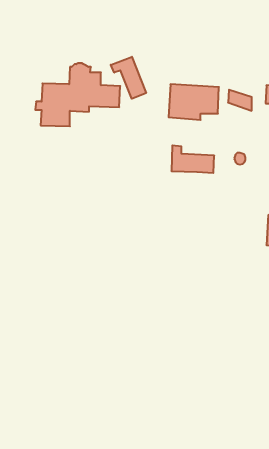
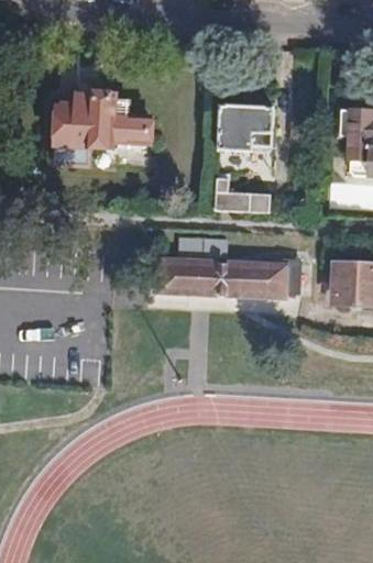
building: [111,57,146,99] -> none
building: none -> [160,258,281,297]

